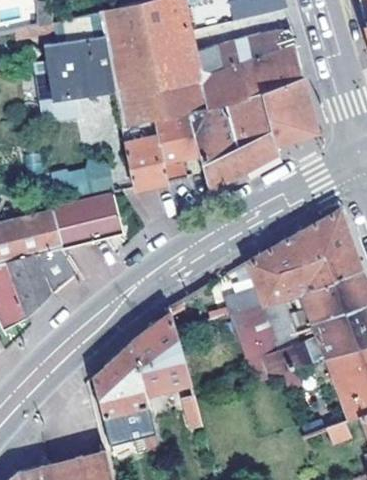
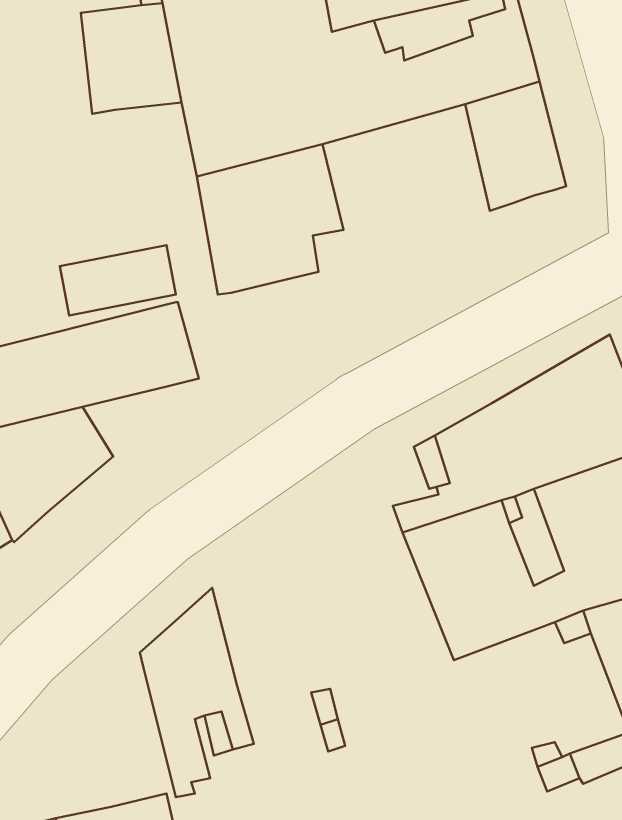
building: [42,41,82,119] -> none
building: [189,89,279,190] -> none
building: [131,315,189,394] -> none

